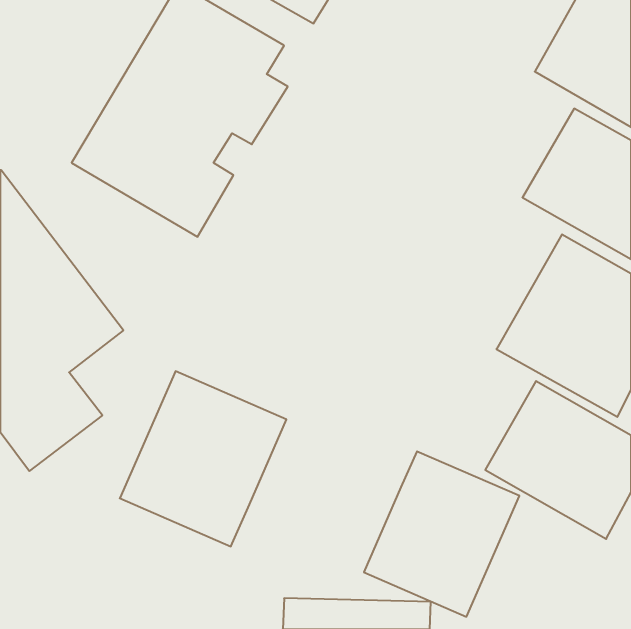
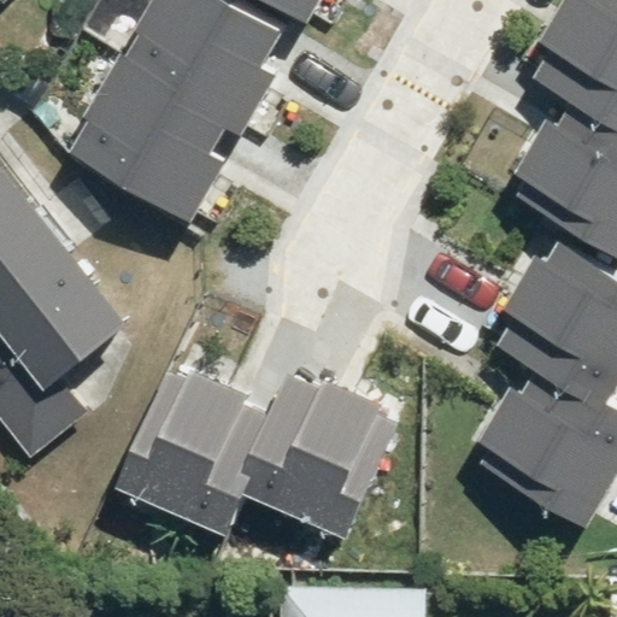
building: [364,451,519,617] -> [243,375,395,536]

